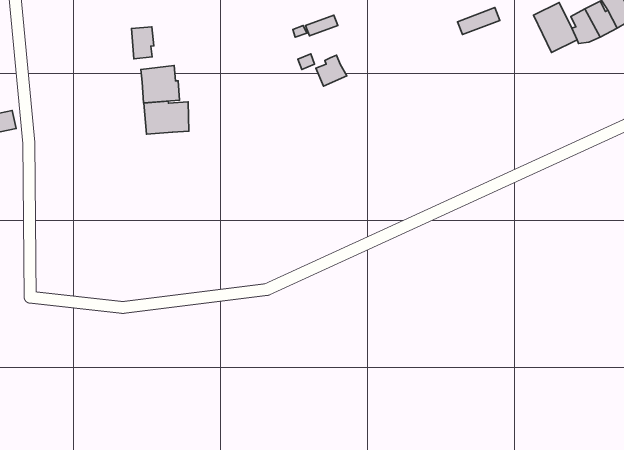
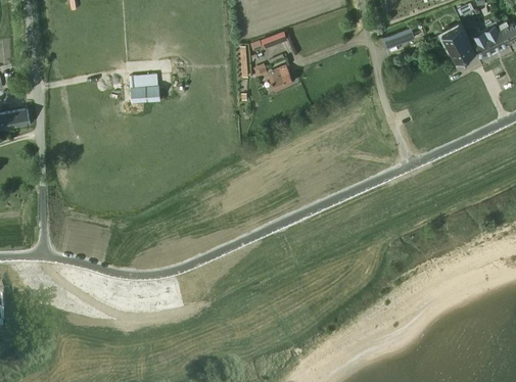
building: [131,27,154,59] -> none
building: [144,101,189,134] -> none

